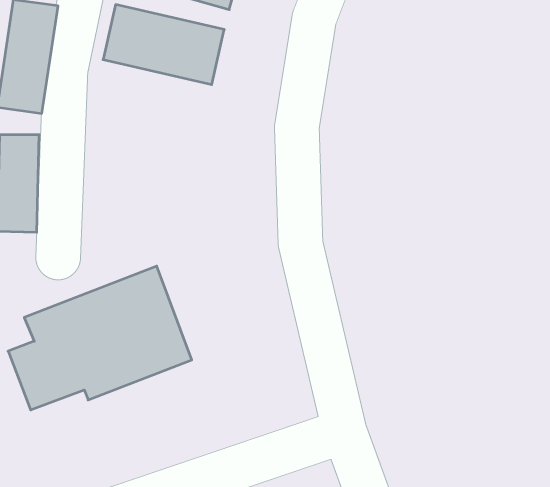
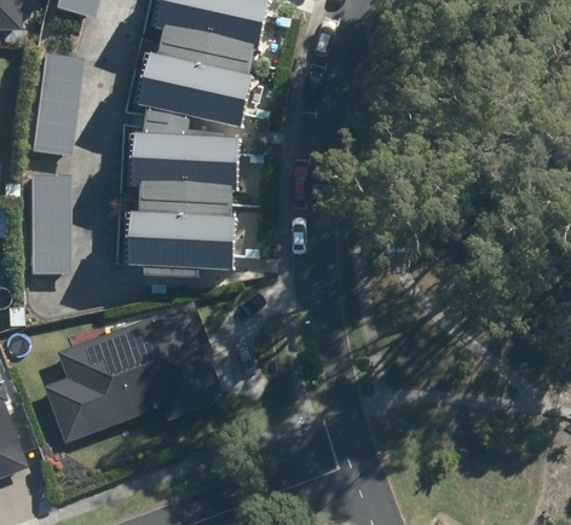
building: none -> [128,132,241,192]
building: none -> [128,210,233,267]

